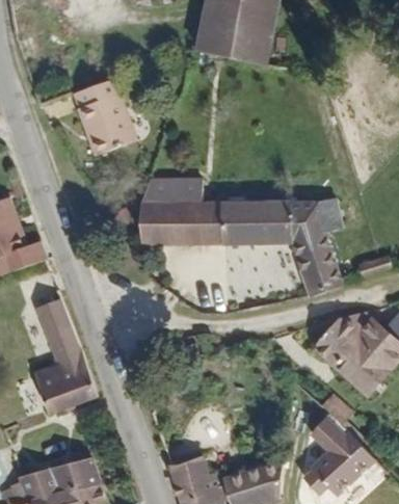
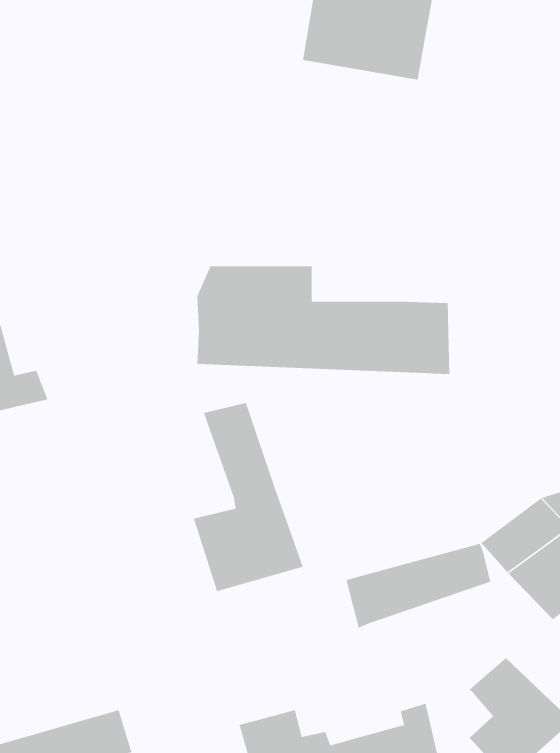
building: [72,80,133,157] -> none
building: [295,202,344,300] -> none
building: [27,291,96,408] -> [193,402,304,592]
building: none -> [346,543,491,629]

